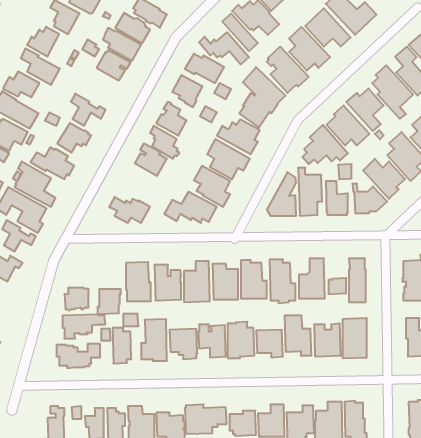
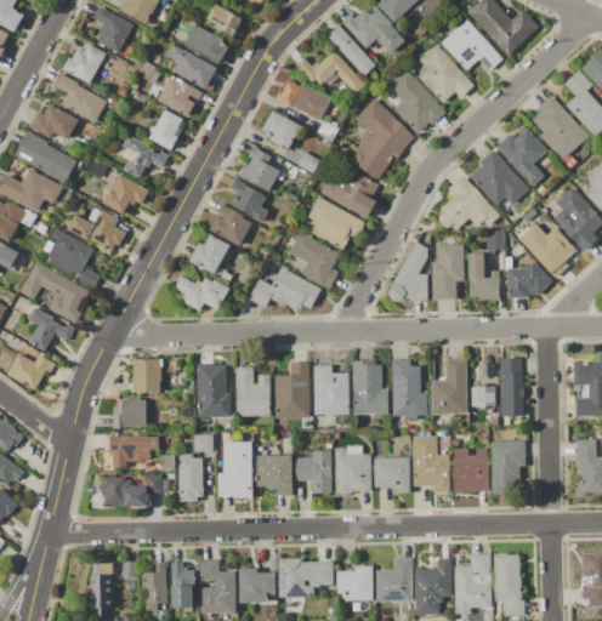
building: none -> [148,110,183,152]
building: none -> [189,234,232,283]
building: [98,289,121,314] -> [131,359,163,393]

